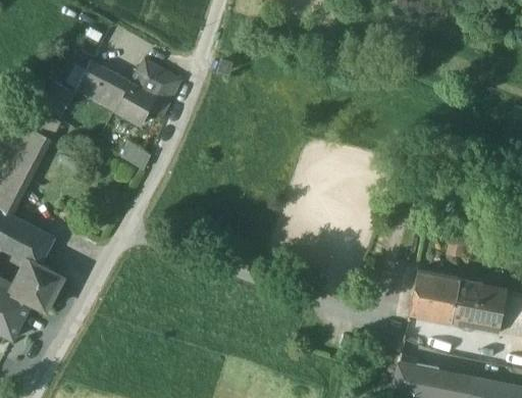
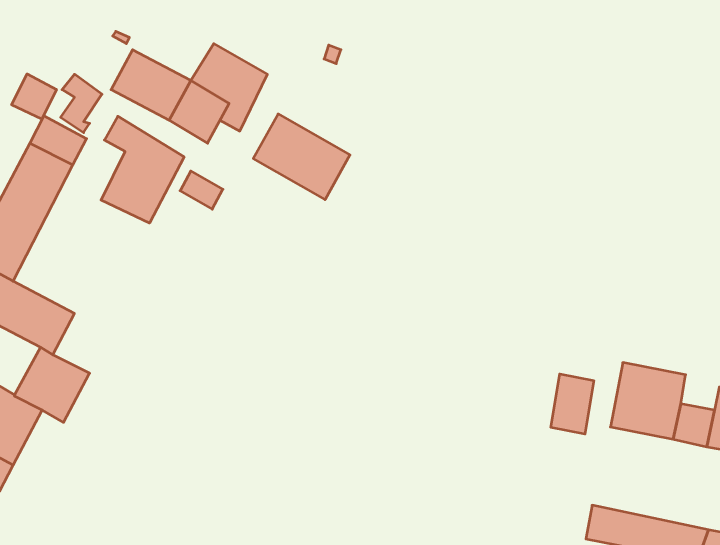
building: none -> [12,74,56,119]
building: none -> [253,114,350,200]
building: none -> [101,116,184,223]
building: none -> [551,374,594,434]

